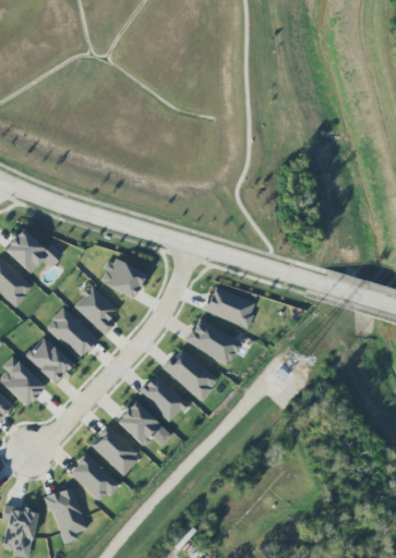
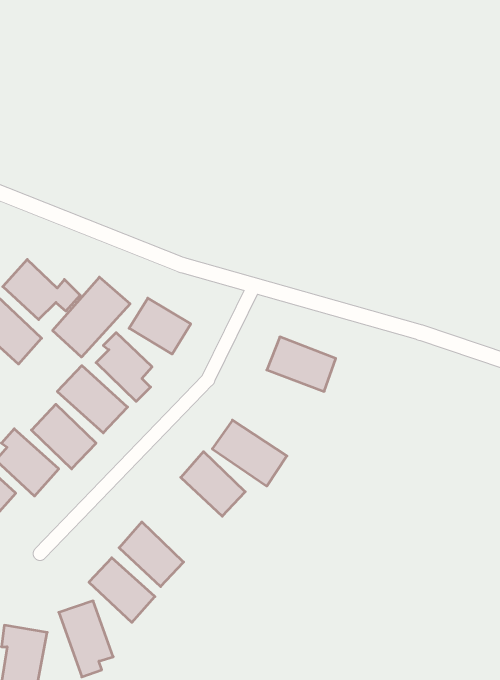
building: none -> [53,277,130,357]
building: [185,317,241,365] -> none
building: [116,400,171,446] -> none

